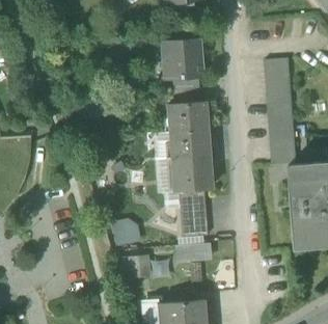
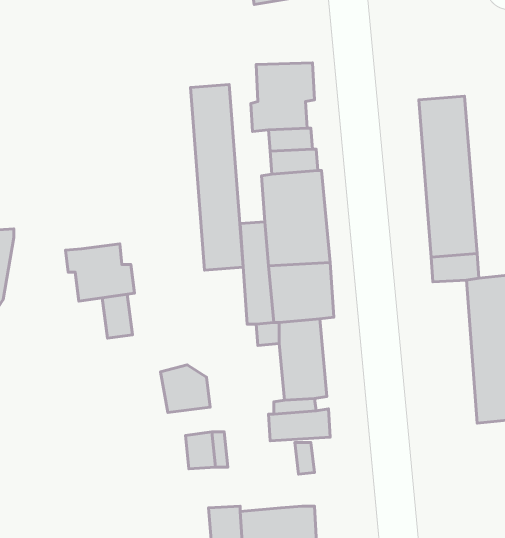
building: none -> [191,84,243,270]
building: none -> [66,244,135,301]

